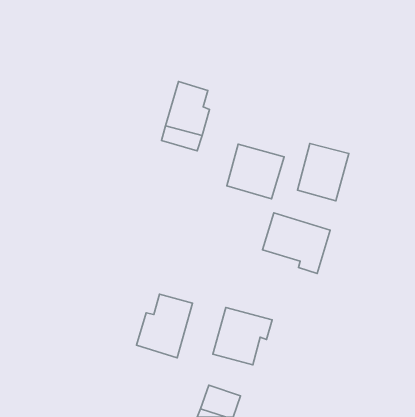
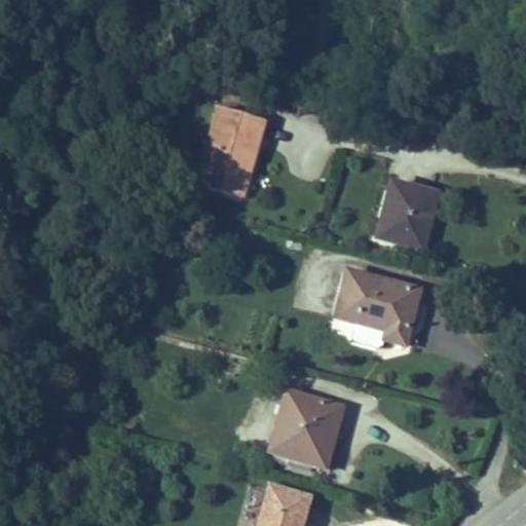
building: [227,144,284,199] -> none
building: [137,294,192,358] -> none

